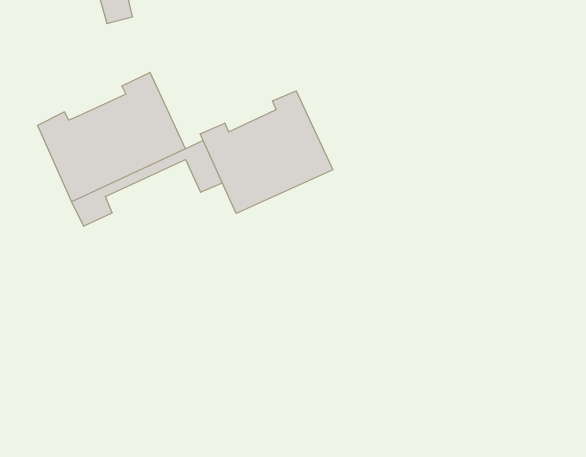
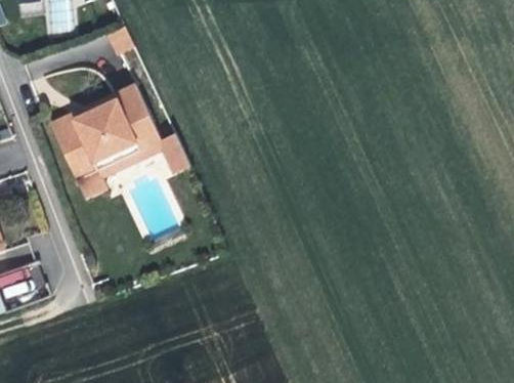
building: [200,91,333,213] -> none

